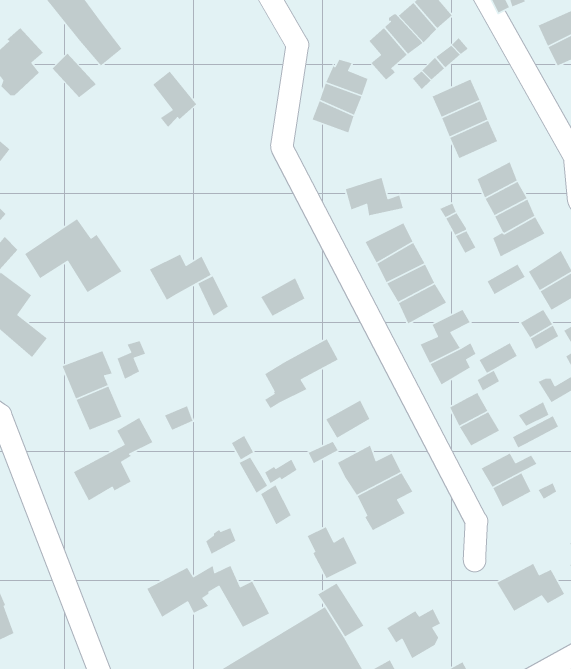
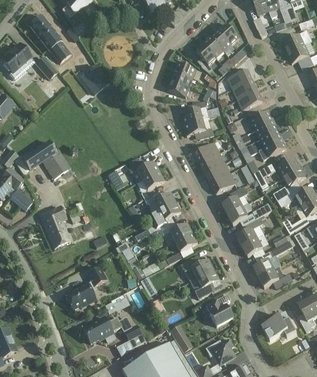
building: none -> [180,99,205,124]
building: [149,253,212,301] -> [126,158,158,182]
building: none -> [142,189,174,212]
building: none -> [150,221,191,241]
building: [73,417,153,501] -> [64,265,105,308]
building: [307,526,358,579] -> [205,298,231,325]

